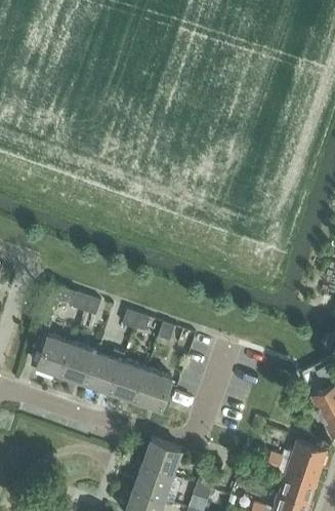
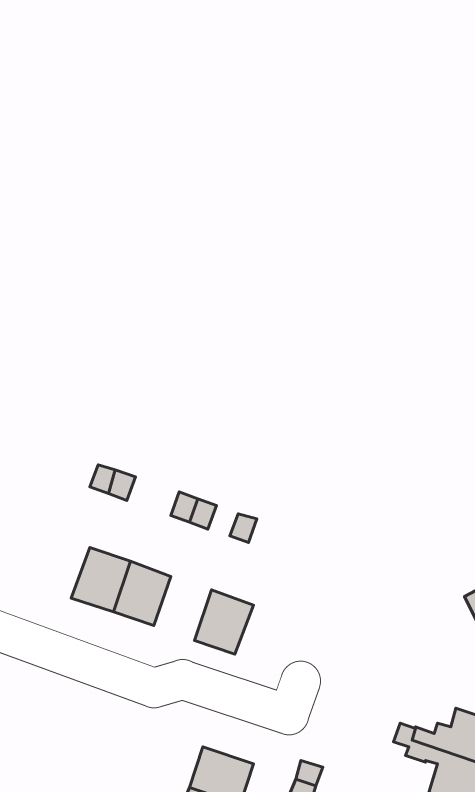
building: [38,336,74,376] -> none
building: [113,362,148,401] -> none
building: [142,440,182,476] -> none

